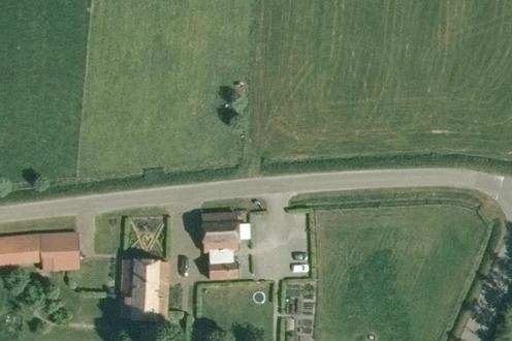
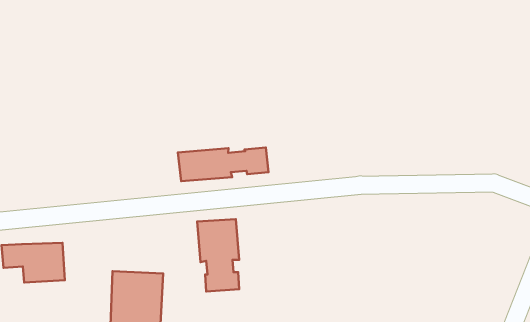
building: none -> [178,148,268,181]

